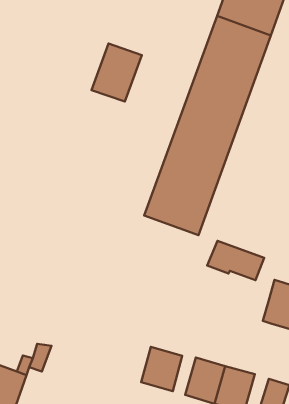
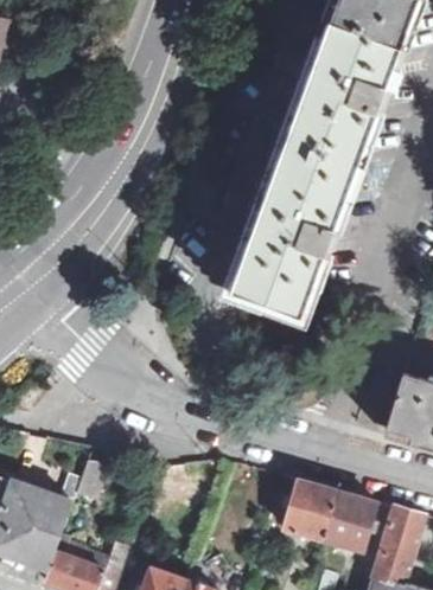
building: [91,43,142,102] -> none
building: [207,241,264,280] -> none
building: [141,347,182,391] -> none

